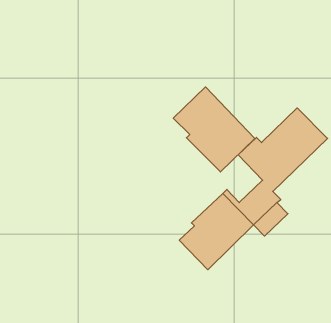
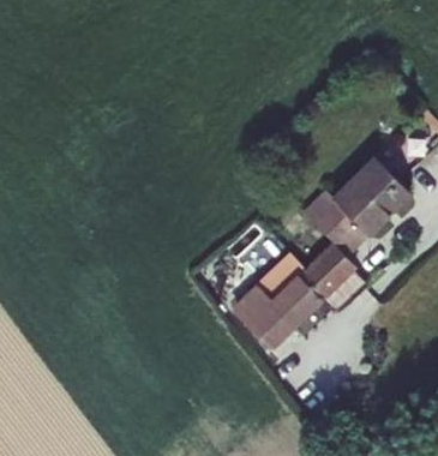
building: [173,87,255,172] -> none

